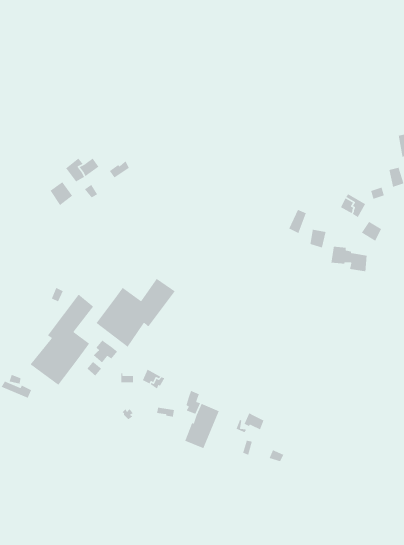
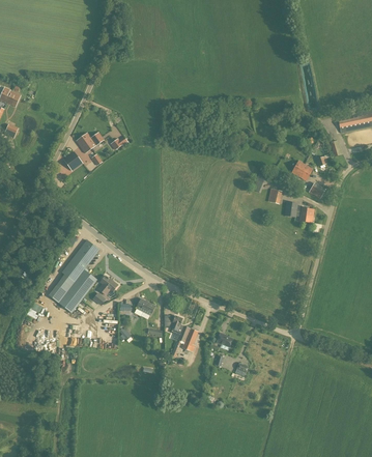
building: [95,278,176,348] -> none

